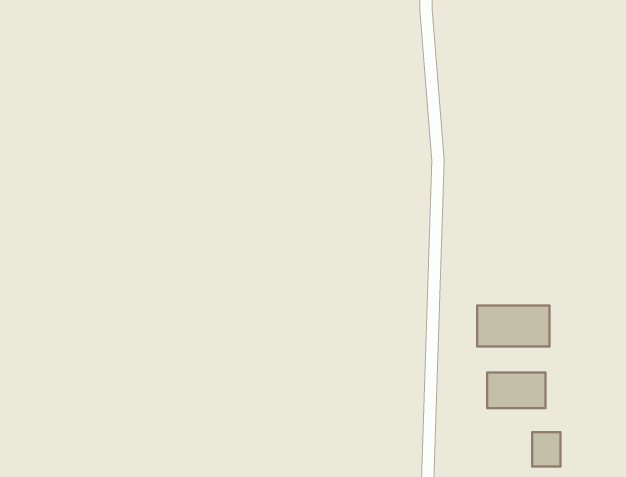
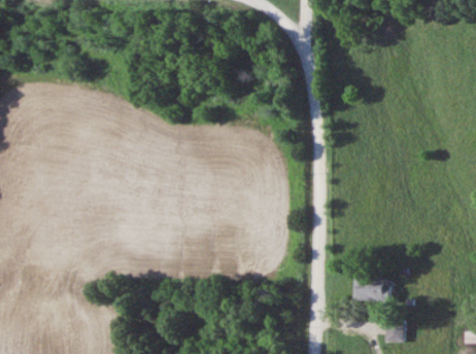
building: [477,305,550,347] -> none

